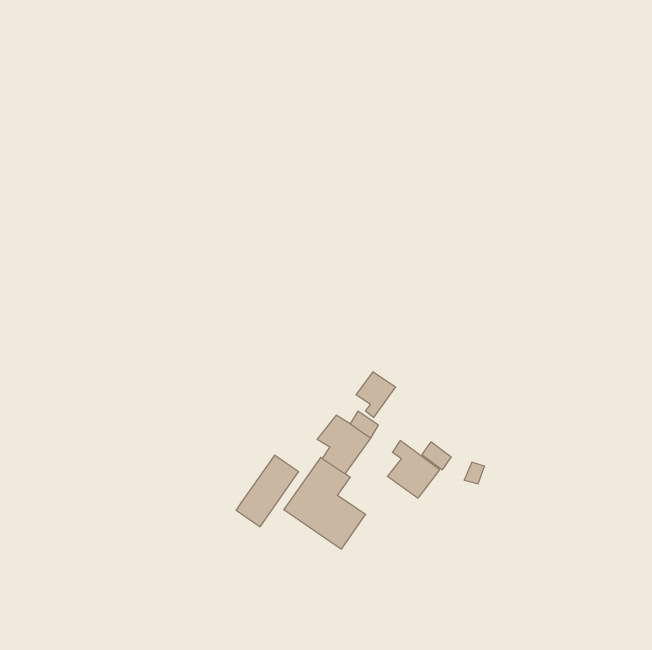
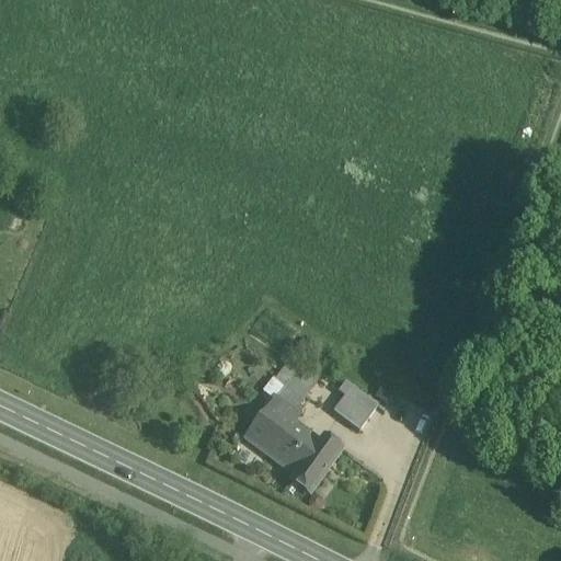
building: [356,372,395,418] -> none
building: [236,455,299,527] -> [289,431,343,492]

